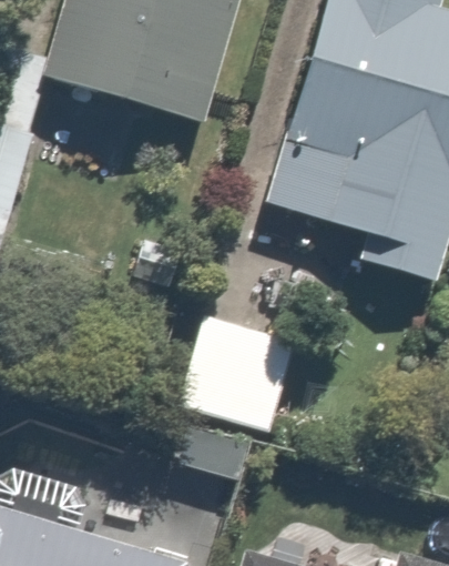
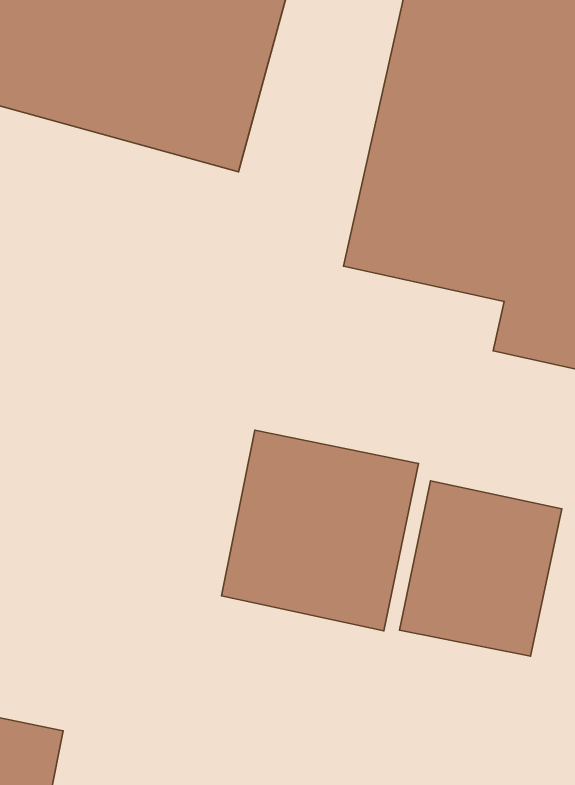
building: none -> [400,481,562,656]

